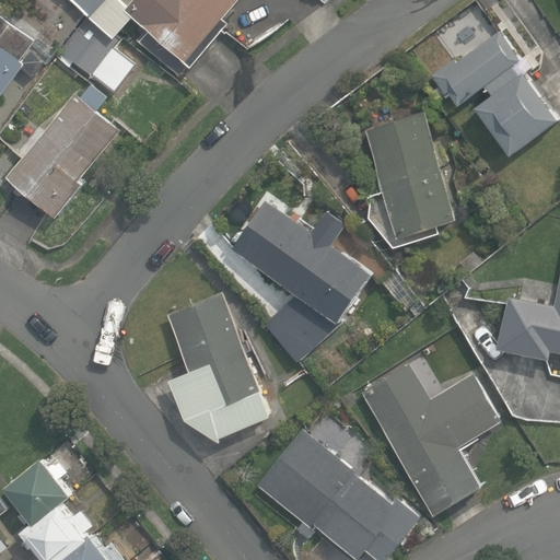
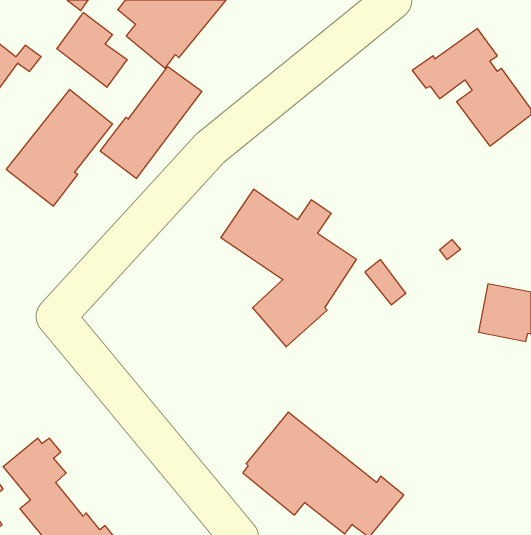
building: none -> [100,67,202,179]
building: [363,110,457,248] -> none
building: [166,293,271,440] -> none
building: [360,364,499,514] -> none

